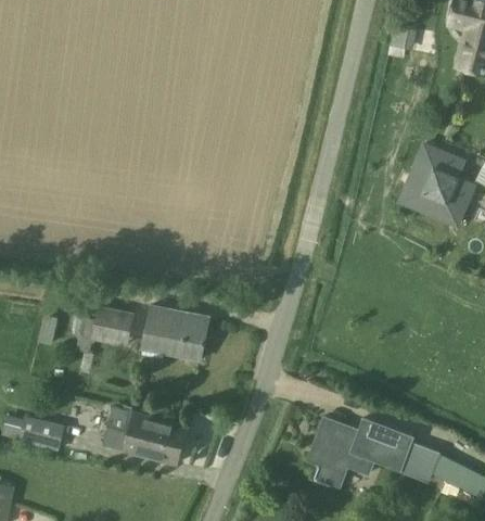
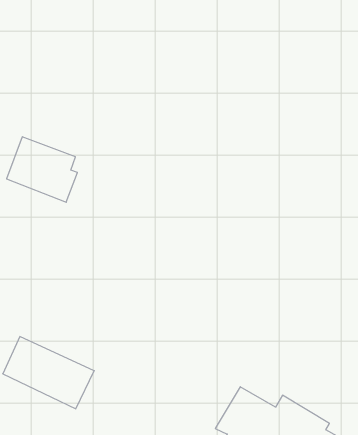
building: [91,305,135,347] -> none
building: [142,306,206,359] -> [7,137,77,202]

